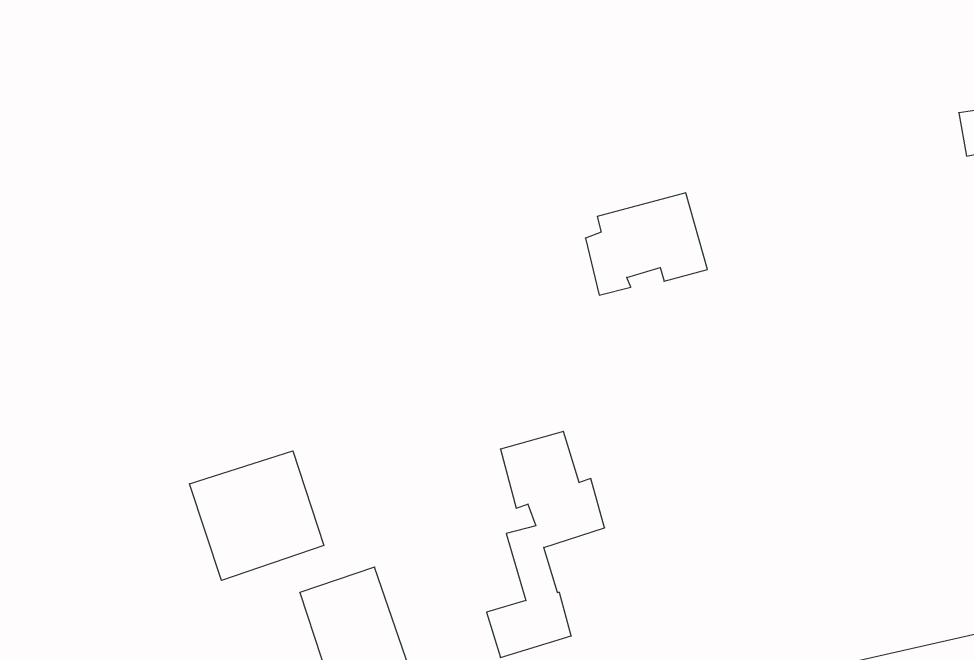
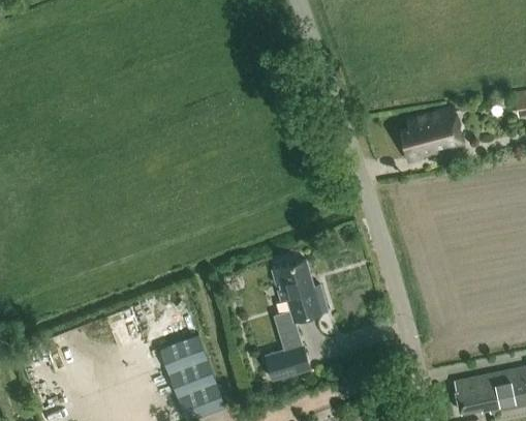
building: [585,193,707,295] -> [400,109,464,162]
building: [189,451,324,580] -> none

